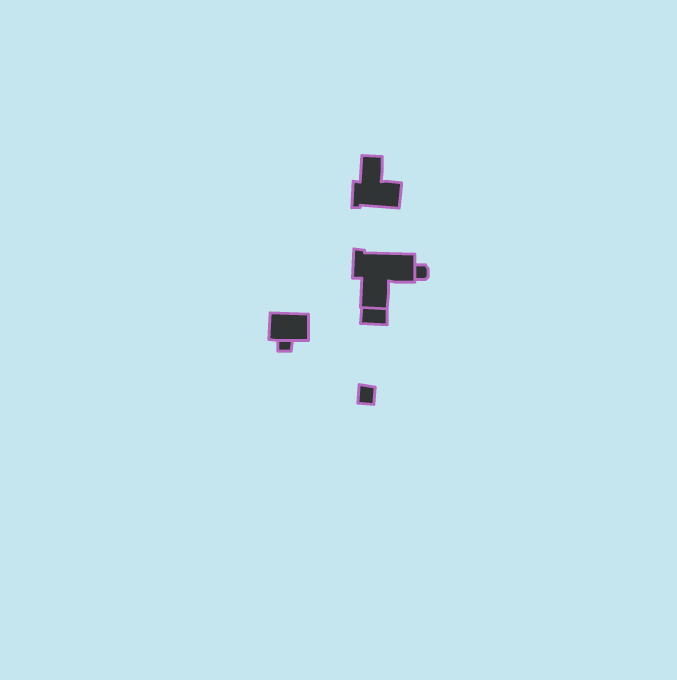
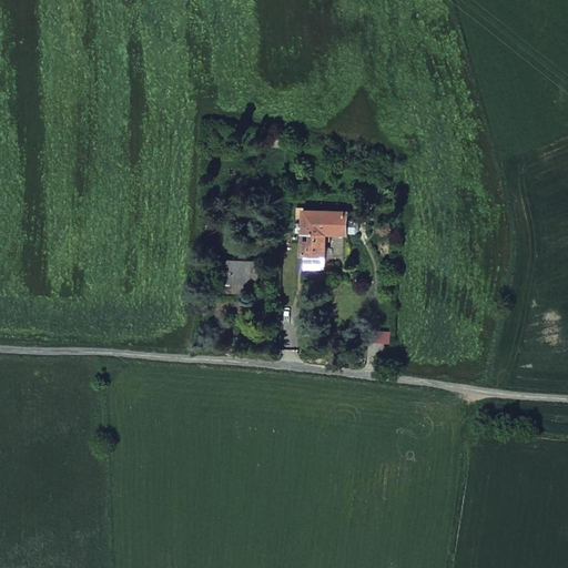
building: [352,155,402,208] -> none

